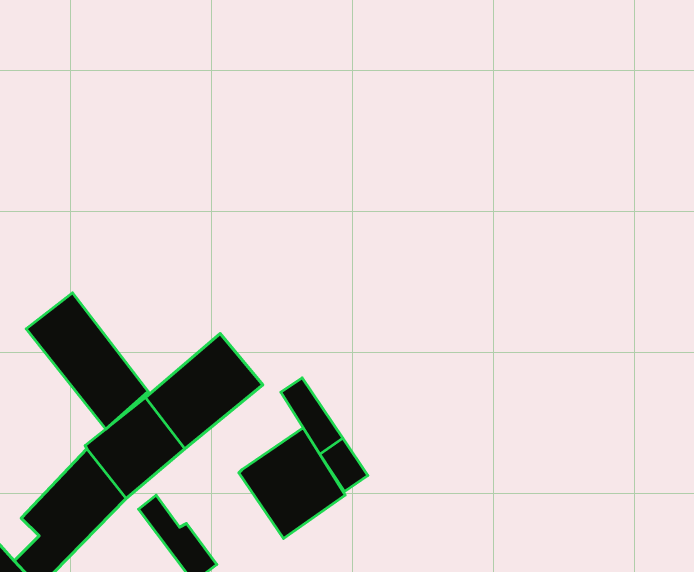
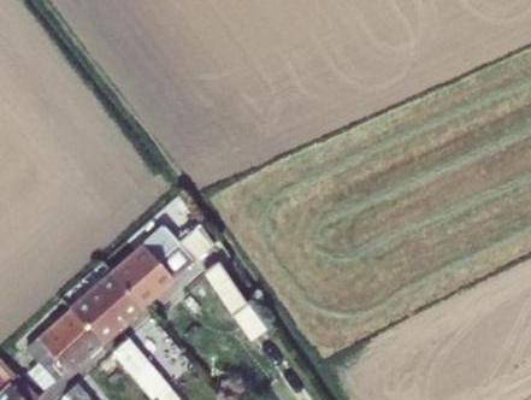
building: [26,293,148,429] -> none
building: [239,428,345,539] -> none

